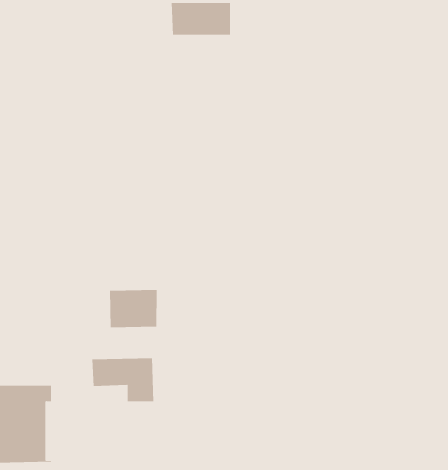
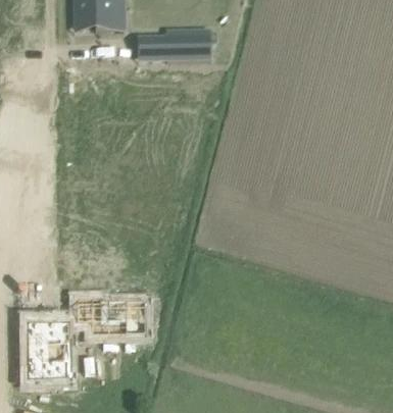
building: [109,289,157,328] -> none

